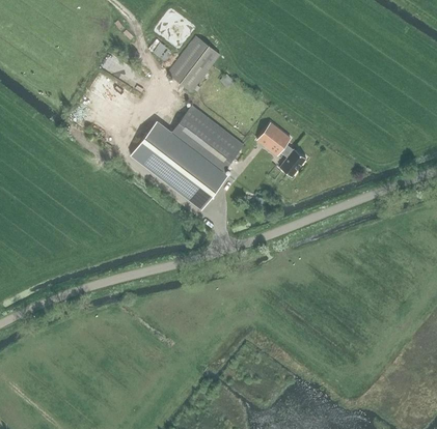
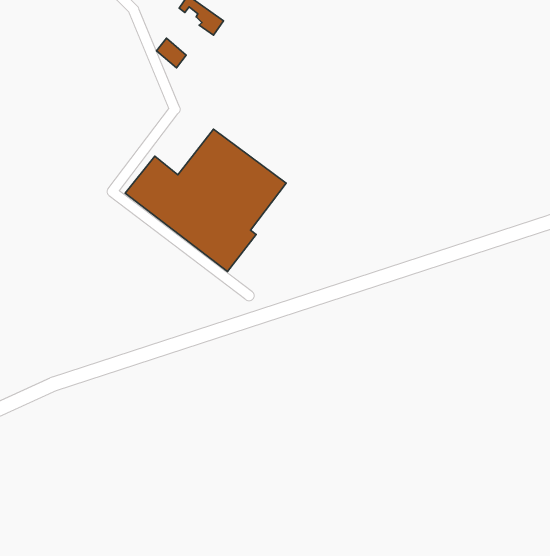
building: [166,36,219,91] -> none
building: [256,123,305,177] -> none

